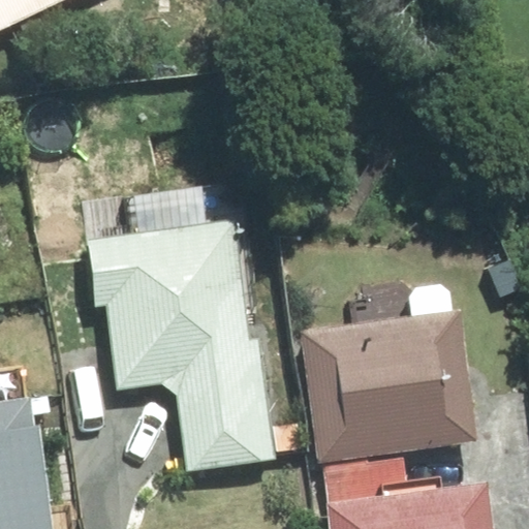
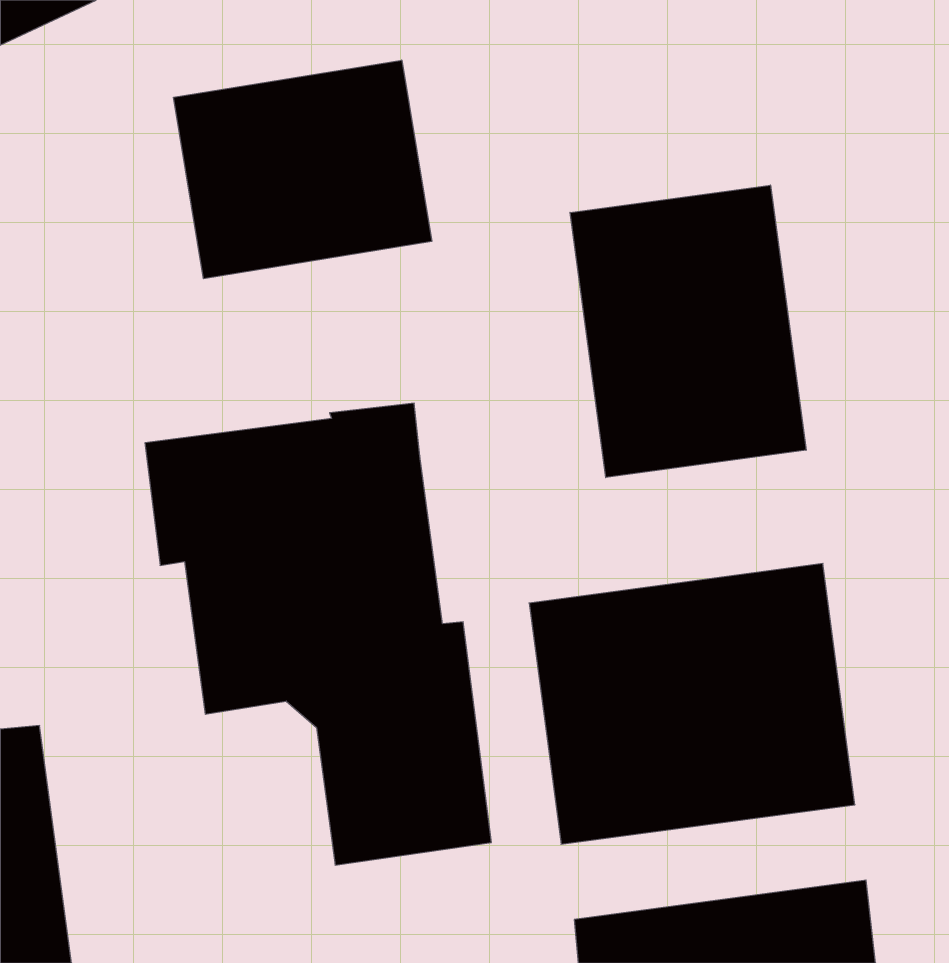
building: none -> [174,60,432,279]
building: none -> [570,185,806,478]

